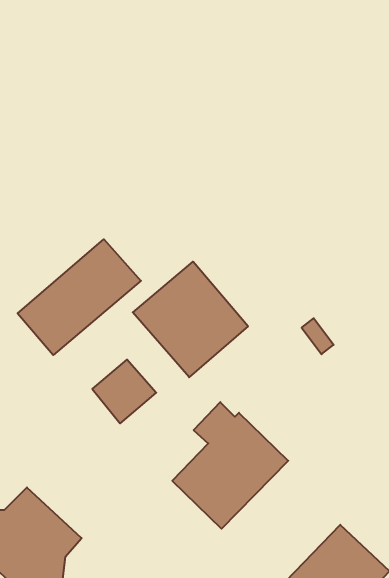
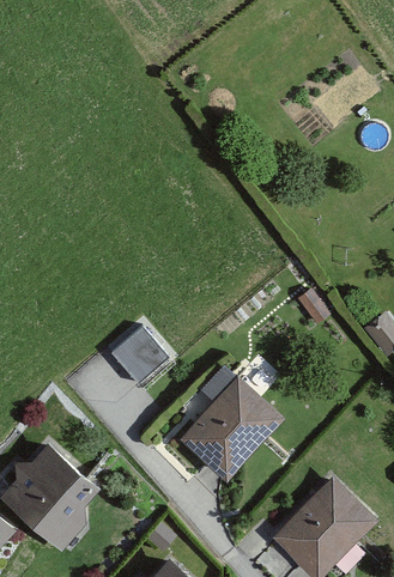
building: [18,239,141,355] -> none
building: [133,262,248,377] -> none

